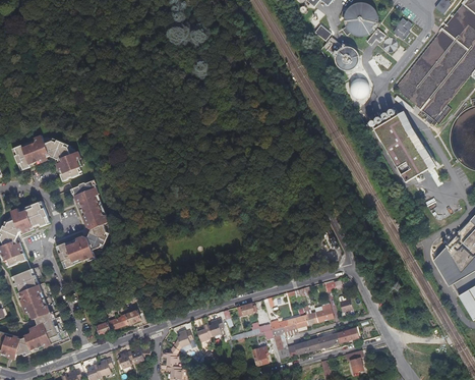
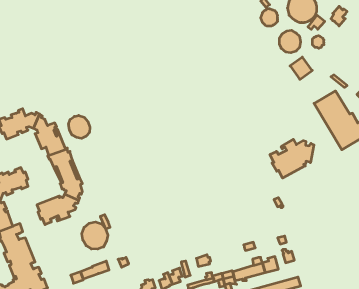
building: none -> [69,115,90,138]
building: none -> [270,139,314,178]
building: none -> [82,222,108,249]

